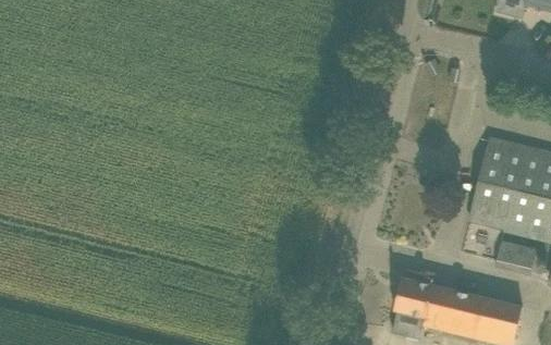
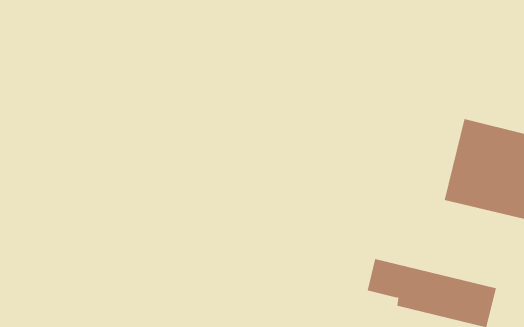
building: [495,242,537,273] -> none

